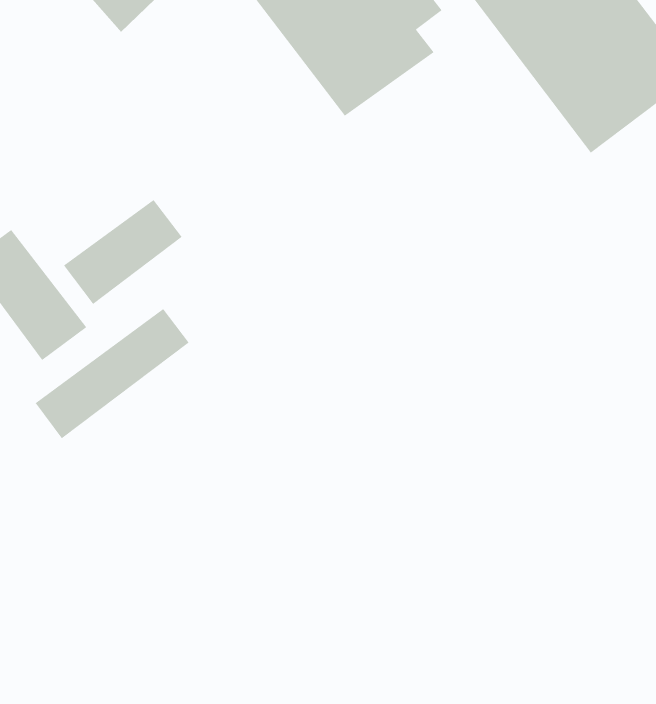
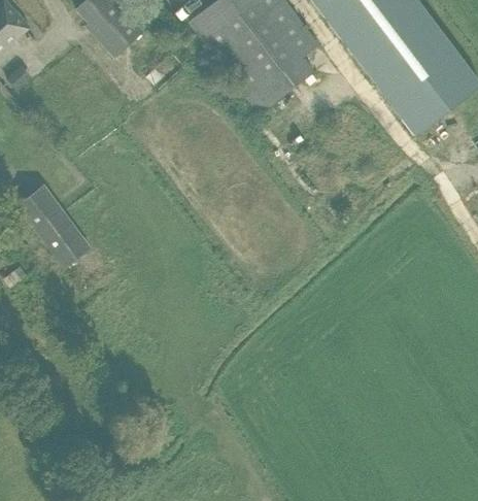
building: [63,199,182,305] -> none
building: [35,308,190,439] -> none

